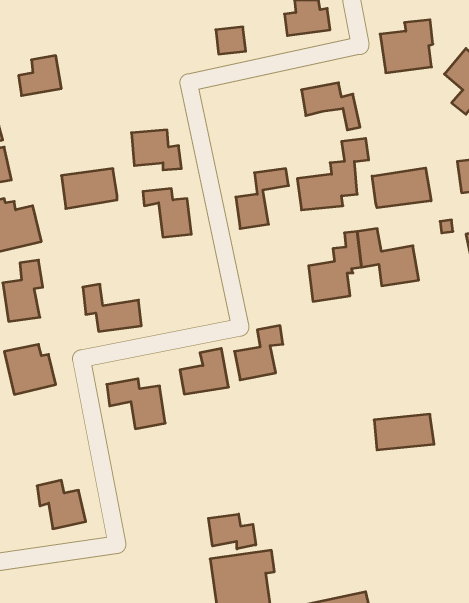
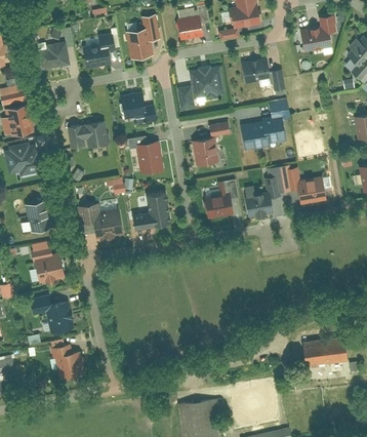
building: none -> [128,15,160,57]
building: none -> [80,28,118,68]
building: none -> [178,66,225,109]
building: [372,168,431,208] -> none
building: [234,326,283,380] -> [204,180,239,218]
building: [180,348,229,394] -> [131,196,166,229]
building: [107,379,165,429] -> [30,296,72,332]
building: [374,414,434,450] -> [303,340,346,365]
building: [208,514,256,549] -> none

